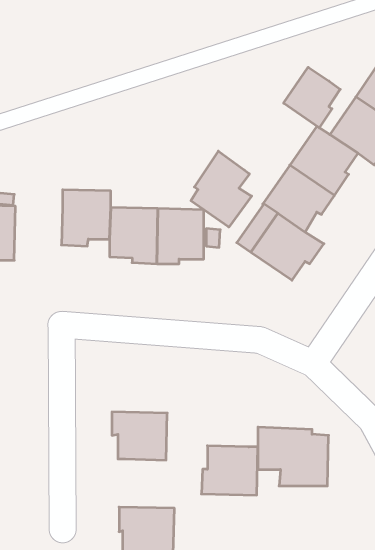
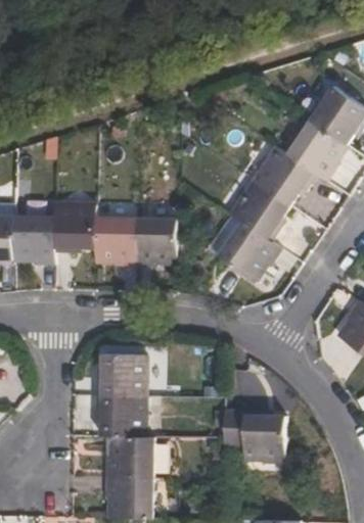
building: [284,67,340,128] -> none
building: [191,151,252,227] -> none
building: none -> [14,216,56,263]
building: none -> [99,354,148,395]
building: [201,446,258,495] -> [105,435,154,478]

